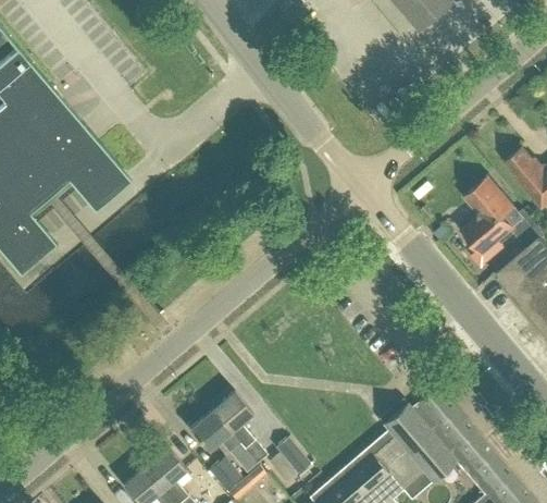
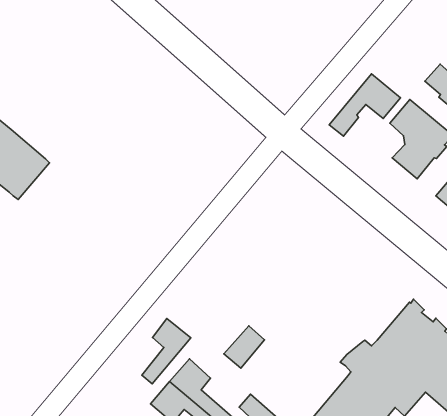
building: none -> [329,74,400,136]
building: none -> [142,319,191,384]
building: none -> [224,326,265,368]

